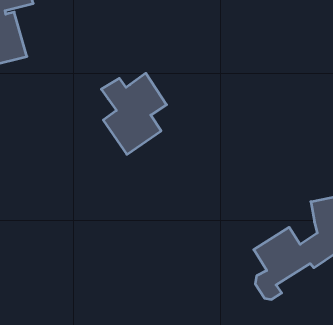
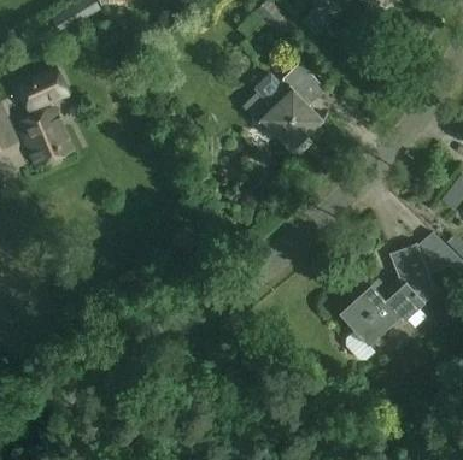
building: [101,73,167,154] -> [252,65,322,152]

